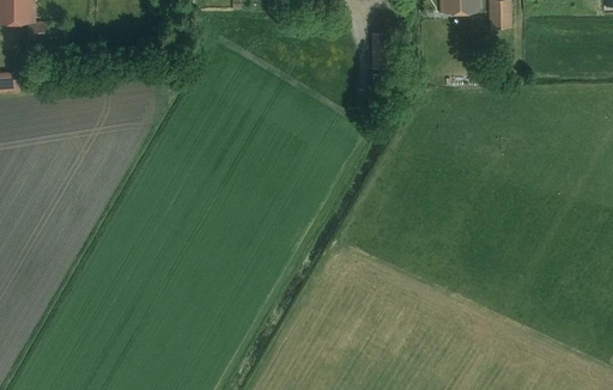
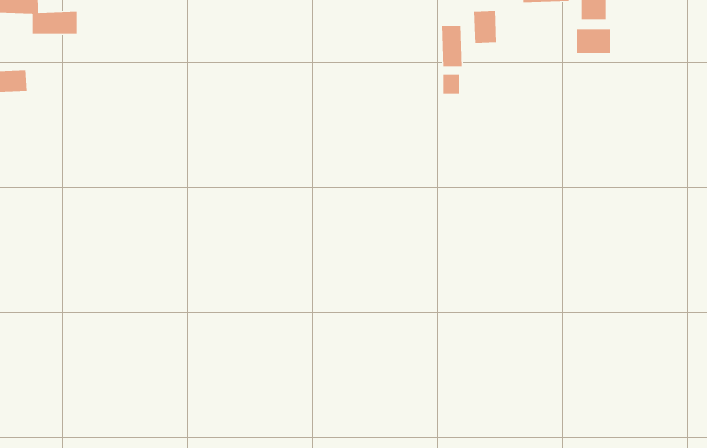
building: none -> [474,10,497,44]
building: none -> [577,29,610,54]

